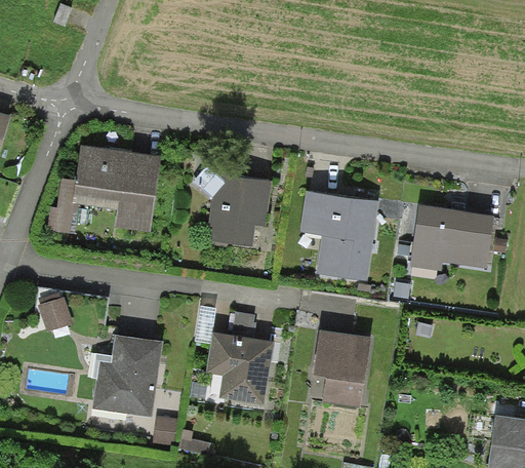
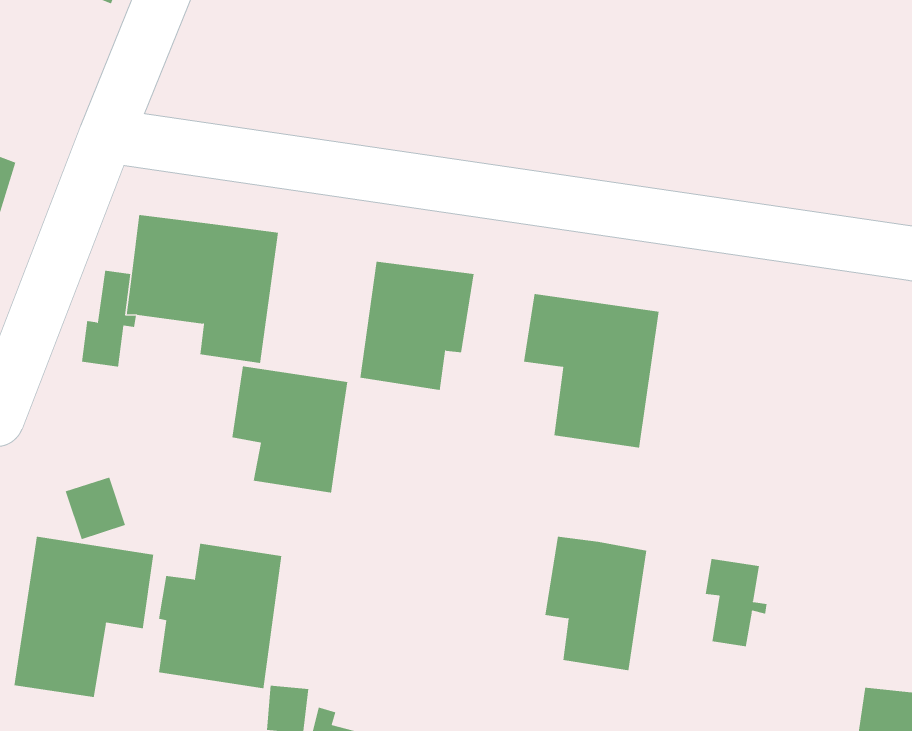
building: [409,204,494,269] -> none
building: none -> [14,536,154,698]
building: [206,330,273,403] -> [231,366,348,493]
building: none -> [705,558,767,647]

